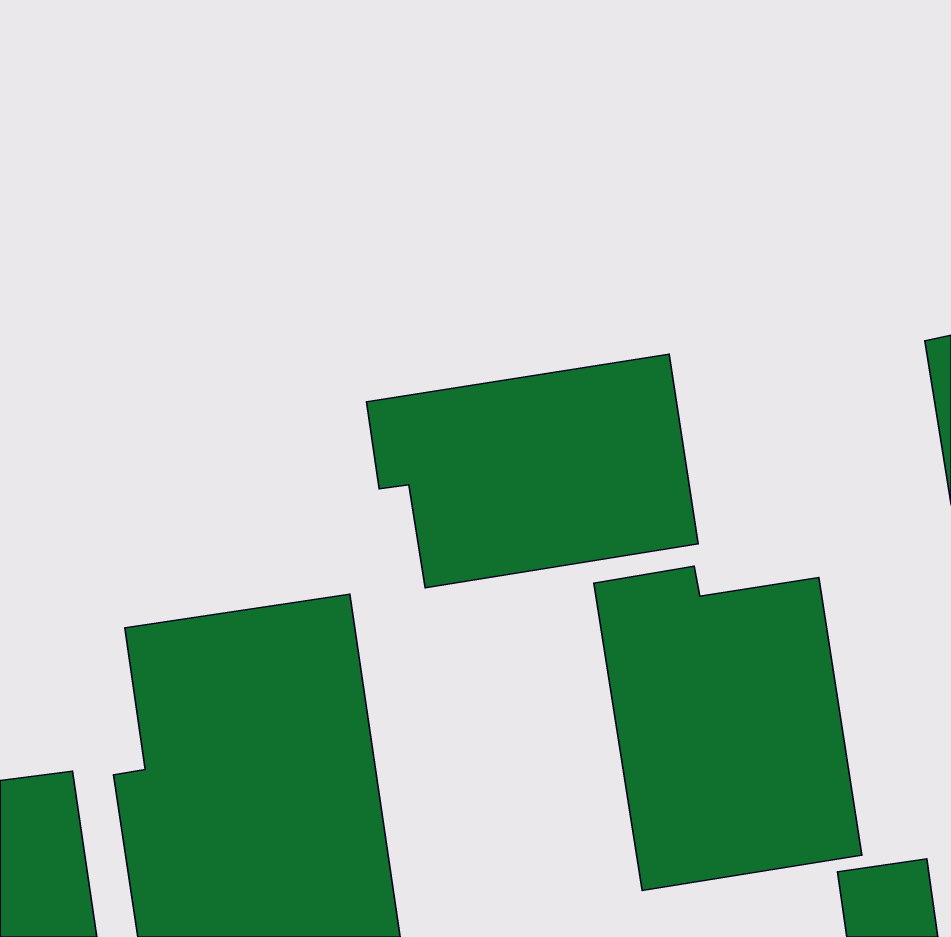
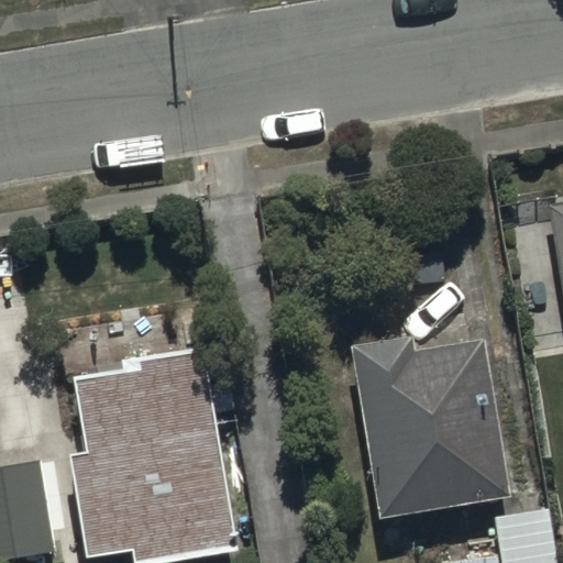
building: [366,354,698,588] -> none

